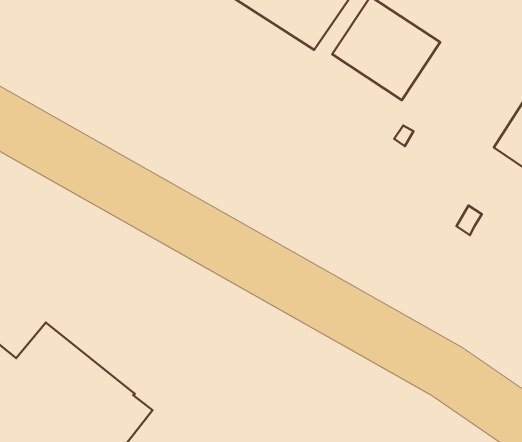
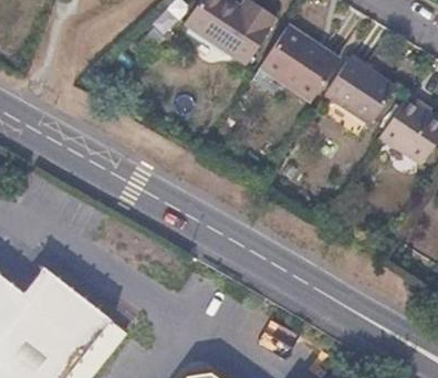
building: none -> [324,56,395,124]

